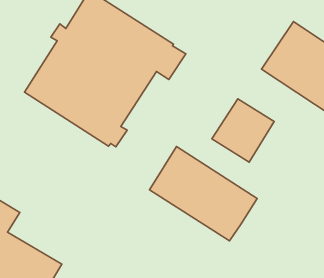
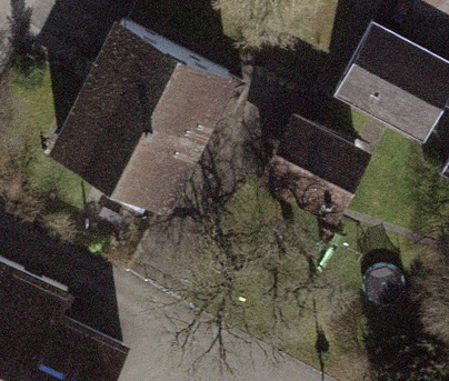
building: [149,147,257,241] -> none

